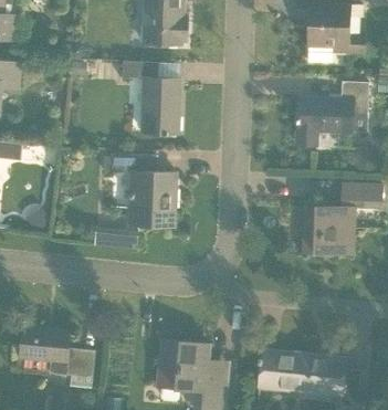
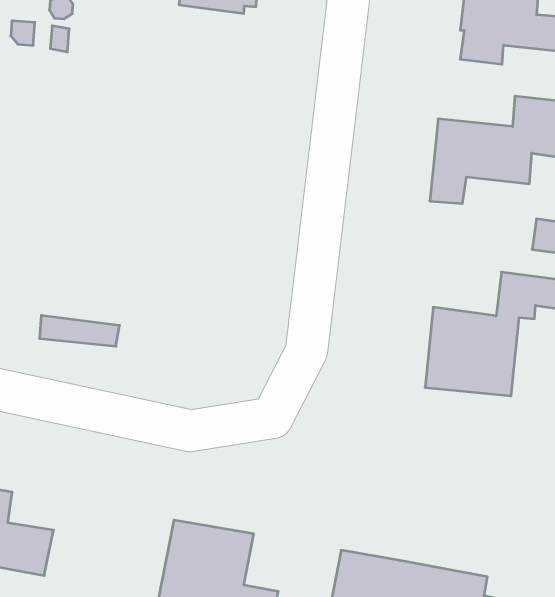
building: [120,61,179,134] -> none
building: [103,155,176,227] -> none

